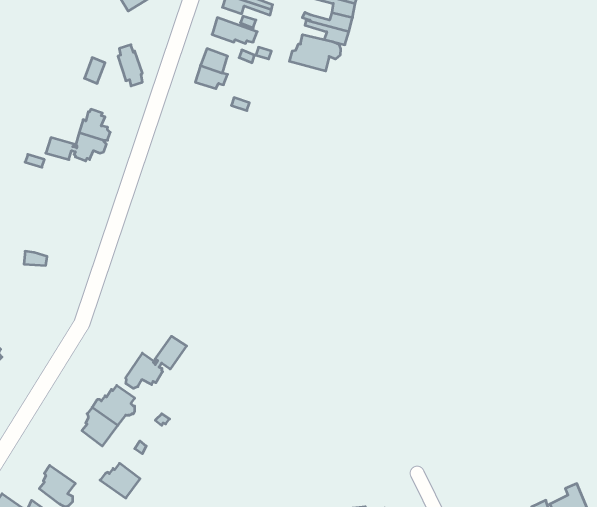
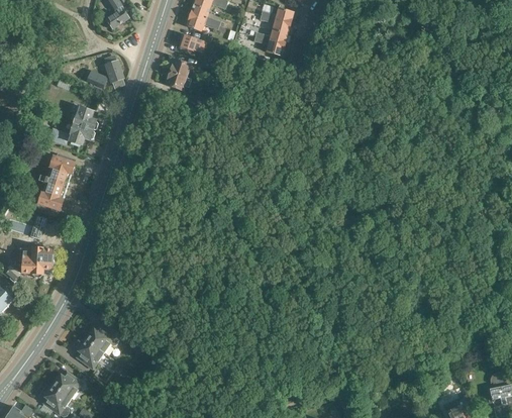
building: [289,35,341,71] -> none
building: none -> [38,152,75,209]
building: none -> [20,247,54,277]
building: [126,336,187,388] -> none
building: [100,463,140,498] -> [50,371,82,398]

